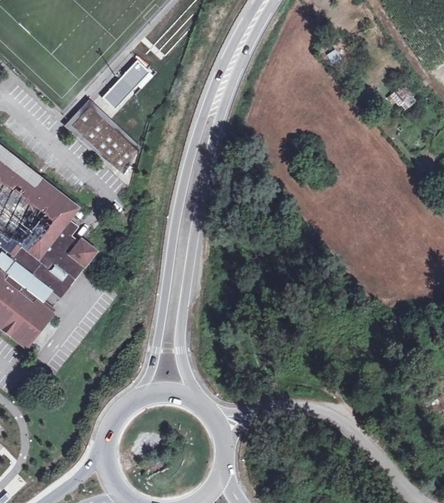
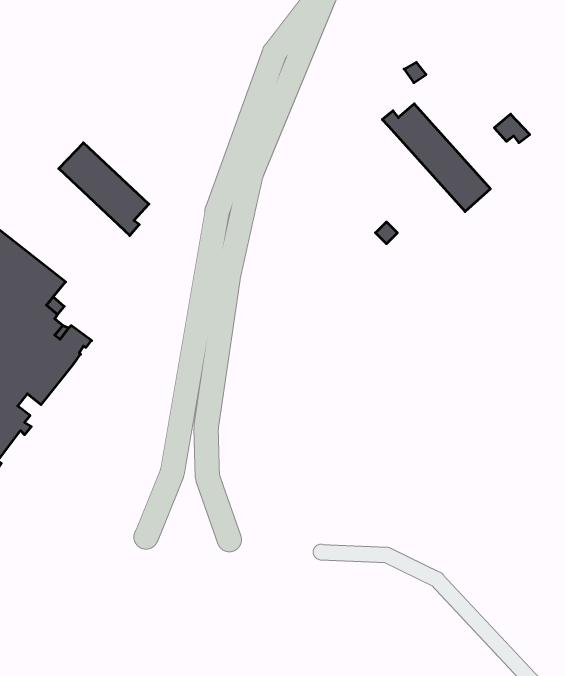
building: [102,58,150,108] -> none
building: none -> [382,104,490,212]

